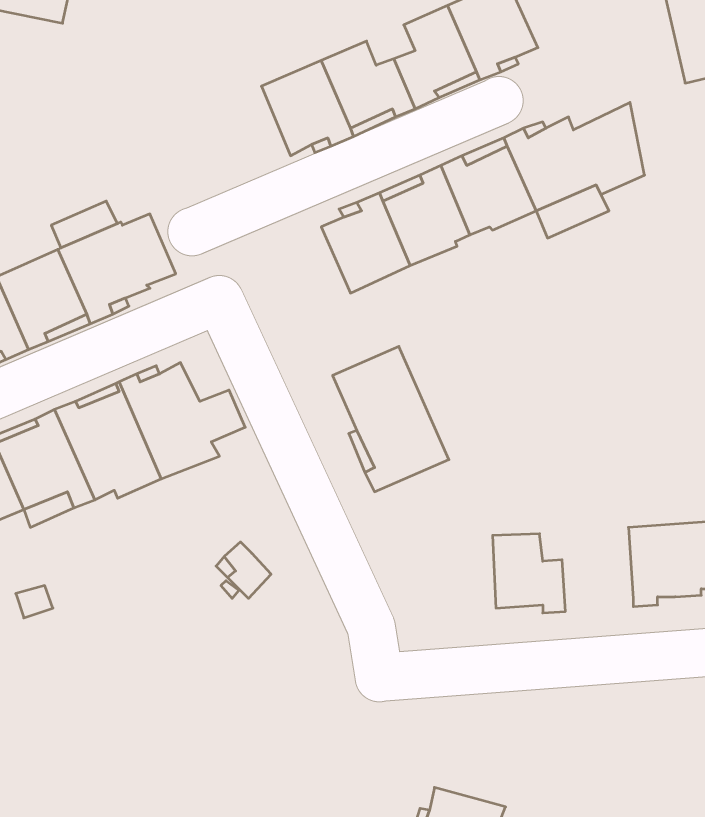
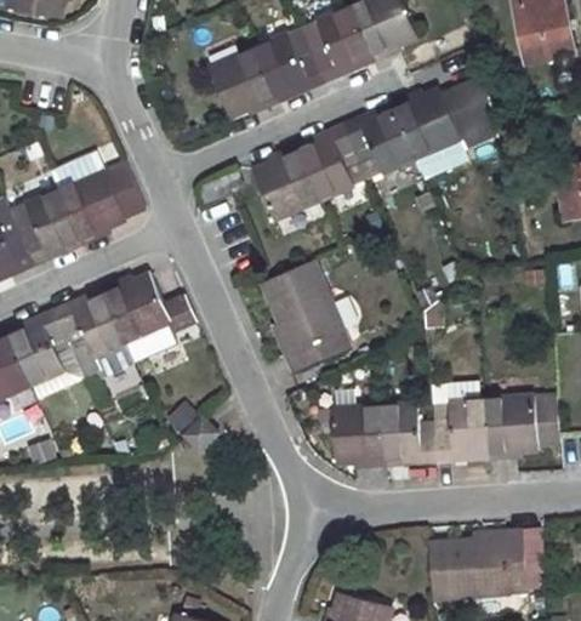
building: none -> [435,397,489,460]
building: none -> [334,403,387,465]
building: none -> [428,530,526,598]

